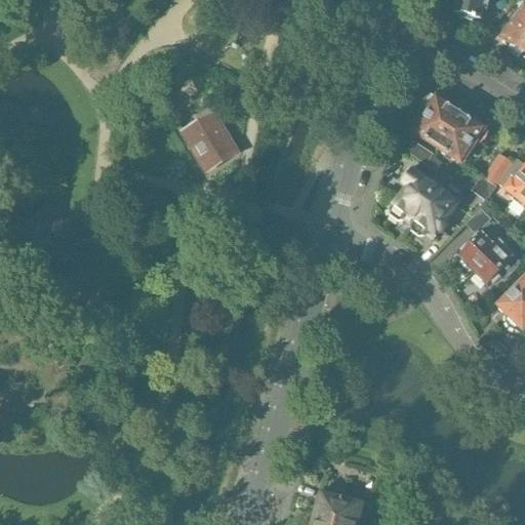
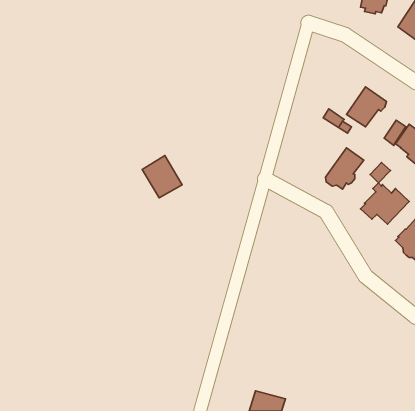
building: [416,90,461,145] -> none
building: [187,115,237,168] -> [142,156,182,198]
building: [391,168,438,224] -> none

